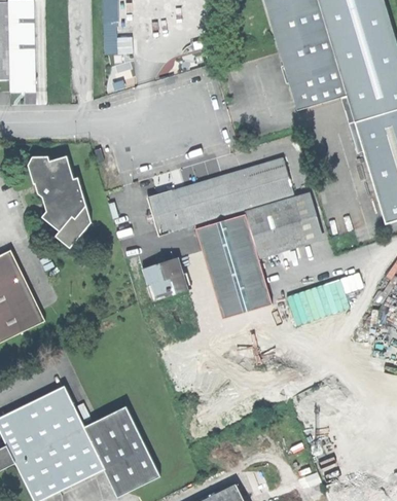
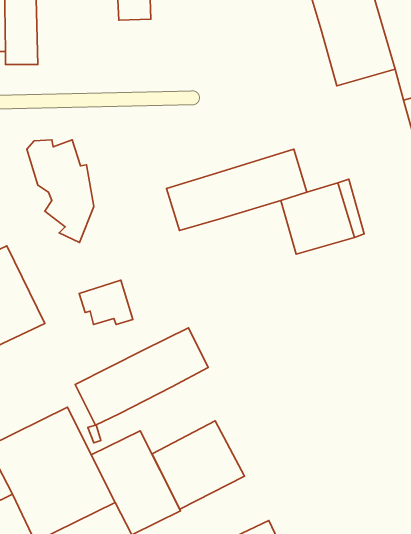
building: [258,156,296,202] -> none
building: [195,209,275,319] -> none
building: [142,257,188,295] -> [79,280,133,324]
building: none -> [75,328,208,425]
building: none -> [152,421,245,509]

